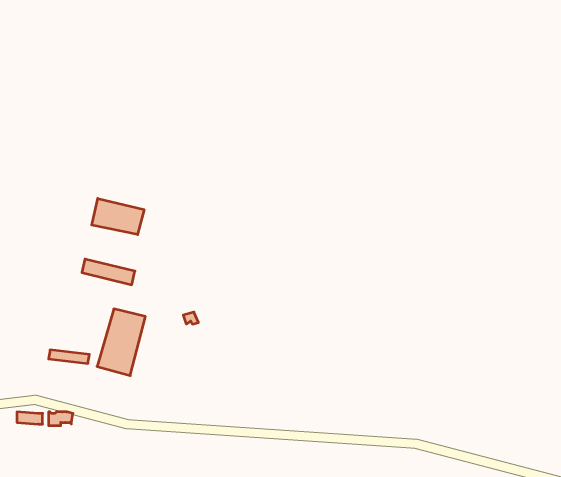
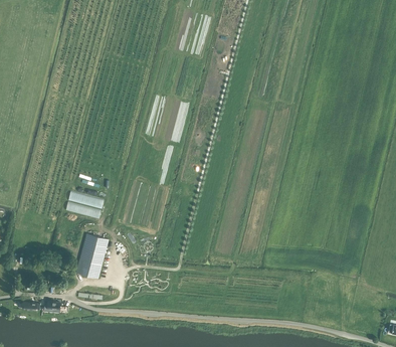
building: [92,198,144,235] -> none

